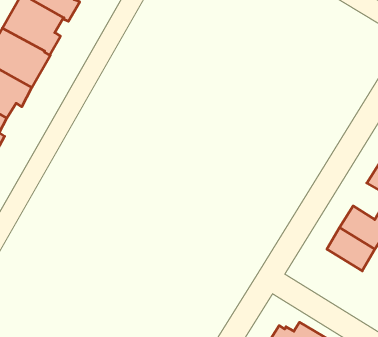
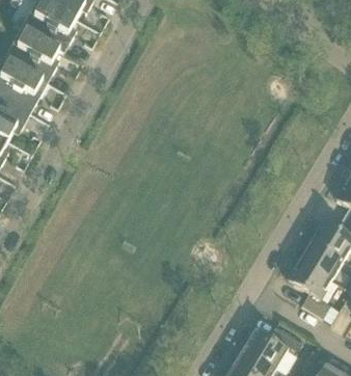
building: none -> [288,260,332,318]

